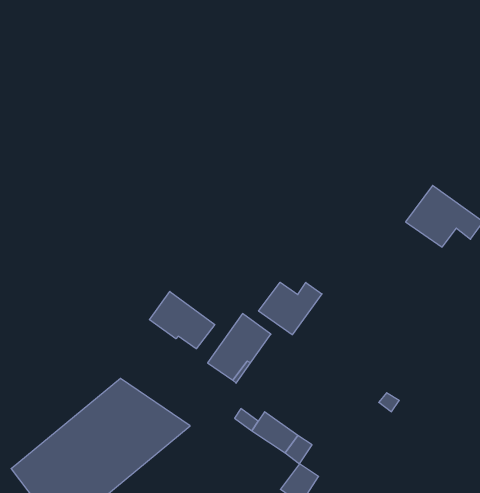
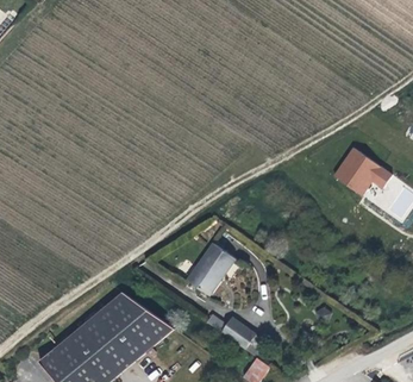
building: [259,282,322,335] -> none
building: [149,291,215,349] -> none

